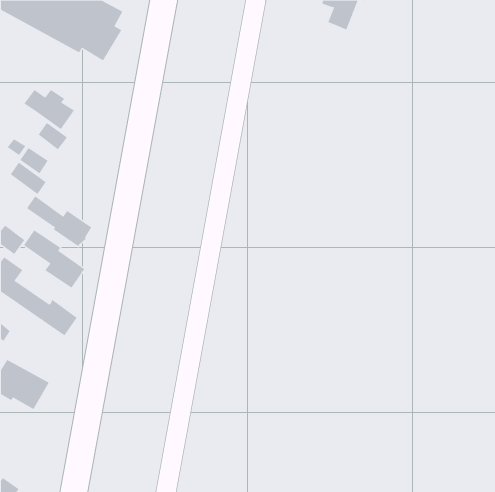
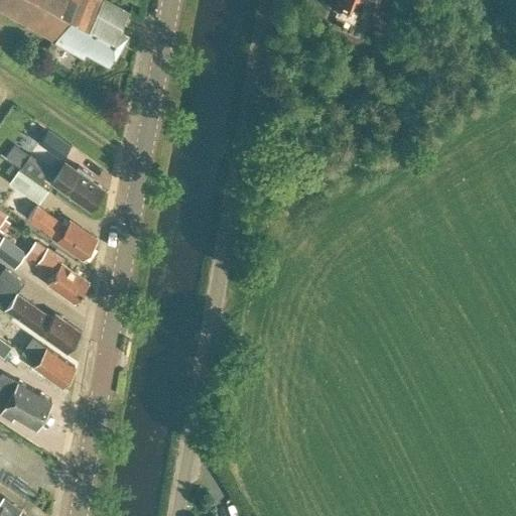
building: [24,89,75,130] -> [50,168,104,211]
building: none -> [23,340,75,387]

